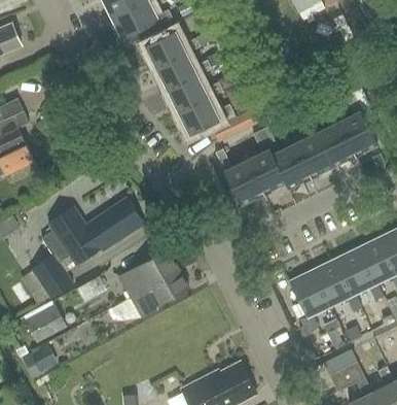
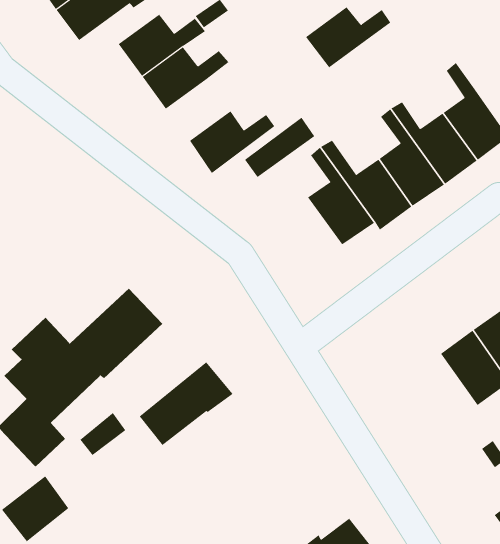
building: [168,76,222,112] -> [305,7,391,68]
building: [215,148,262,204] -> none
building: [289,270,329,332] -> none
building: [131,273,188,317] -> none

